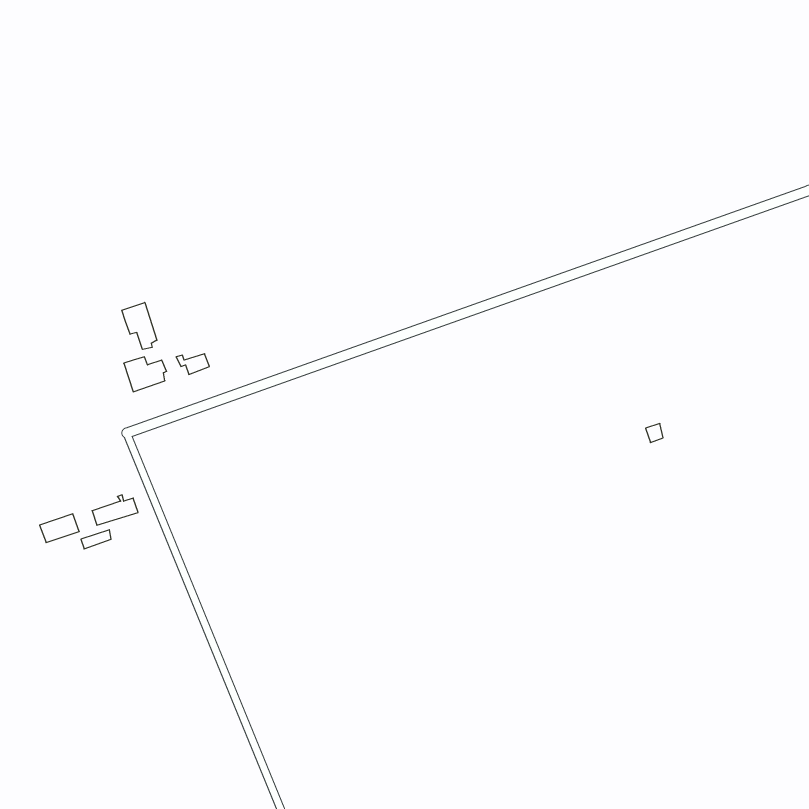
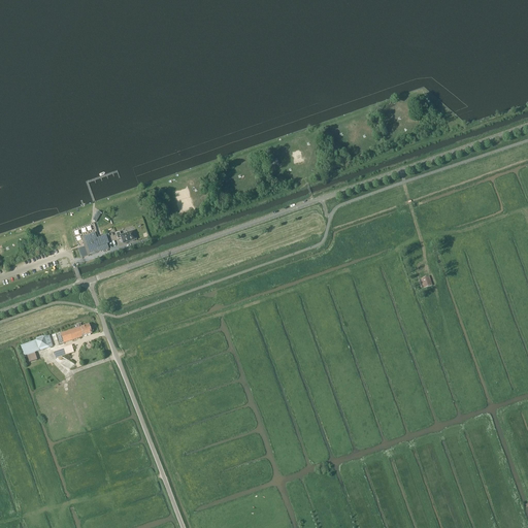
building: [122,302,157,349] -> none

